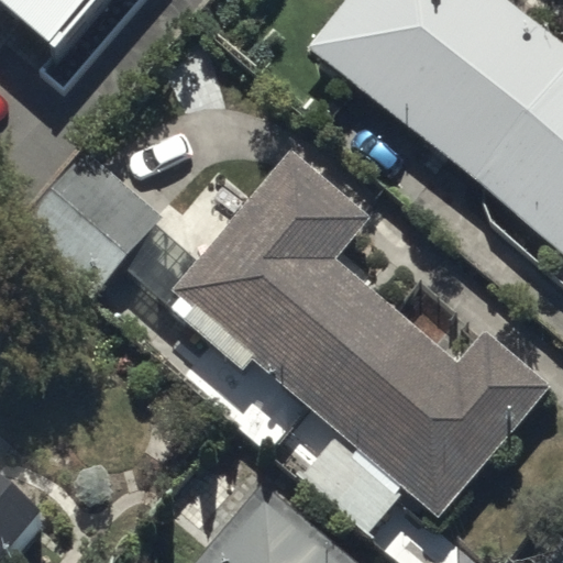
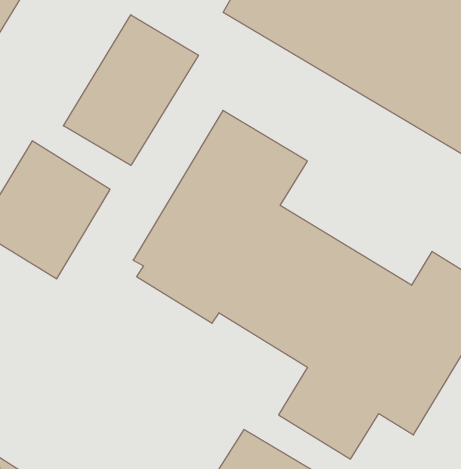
building: none -> [63,15,198,165]

